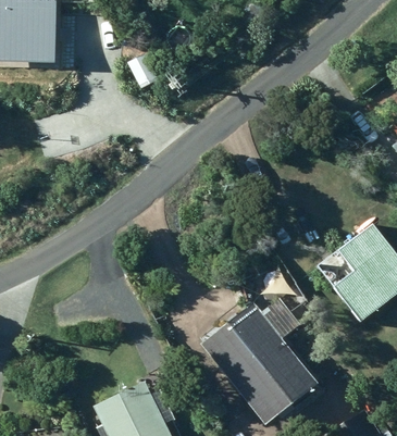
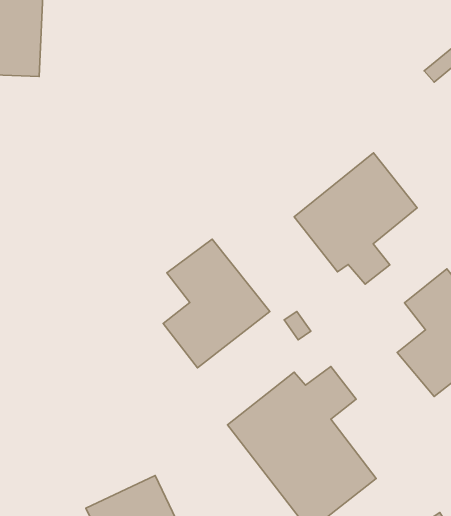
building: none -> [294,153,417,284]
building: none -> [163,239,270,368]

